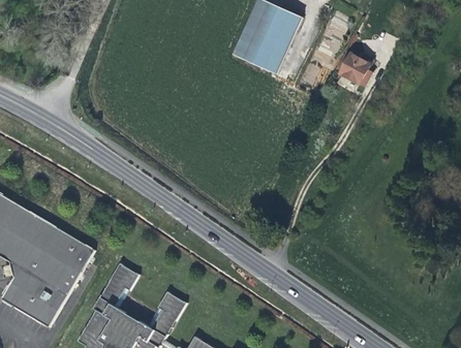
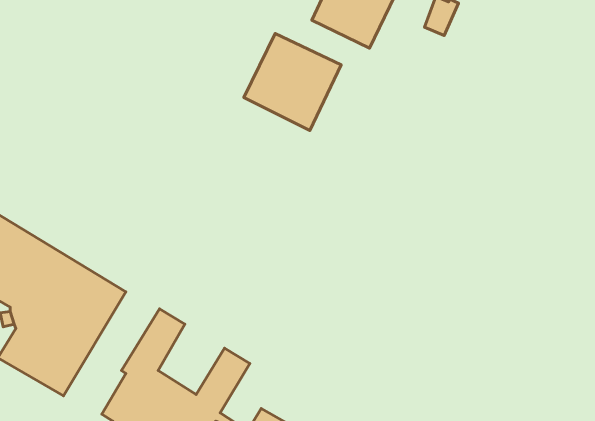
building: [335,52,367,82] -> none
building: none -> [244,33,341,131]

